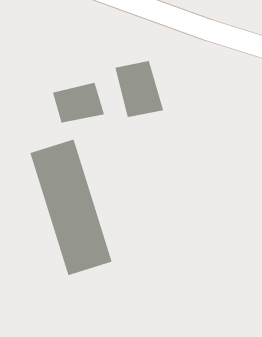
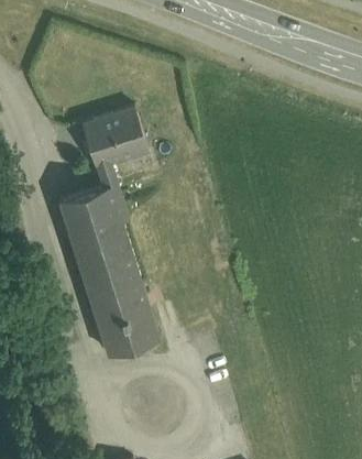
building: [115,60,164,118] -> none

